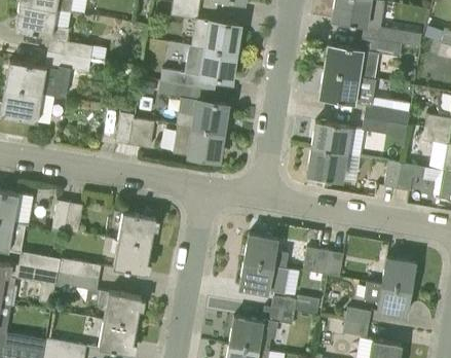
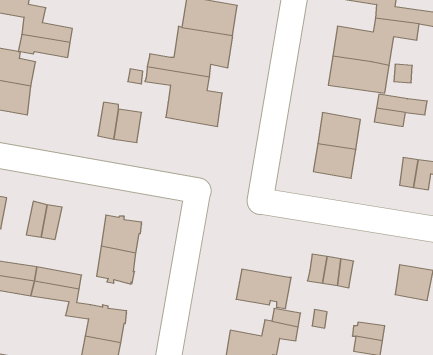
building: [179,128,223,160] -> none
building: [245,235,289,270] -> none
building: [365,284,410,317] -> none

